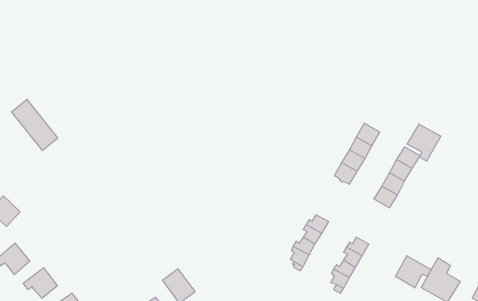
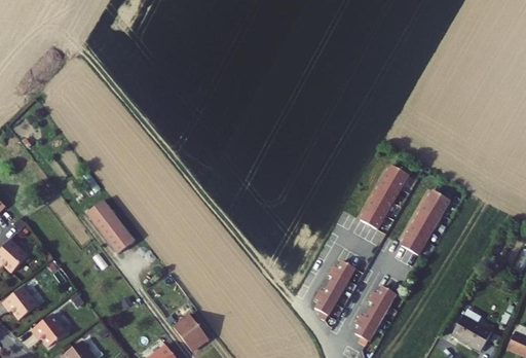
building: [12,99,58,150] -> [90,203,139,256]
building: [407,124,441,161] -> none
building: [395,256,431,288] -> none

